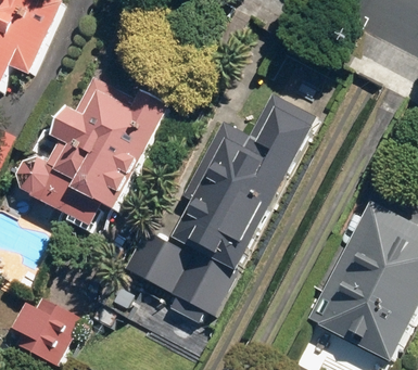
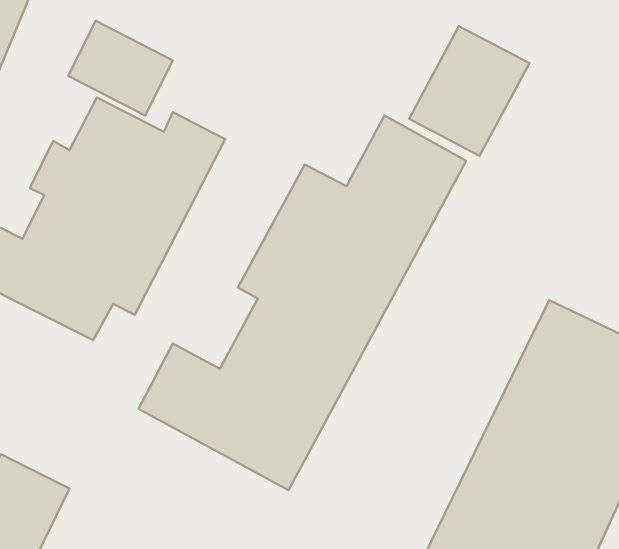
building: none -> [68,21,173,115]
building: none -> [409,26,529,156]

